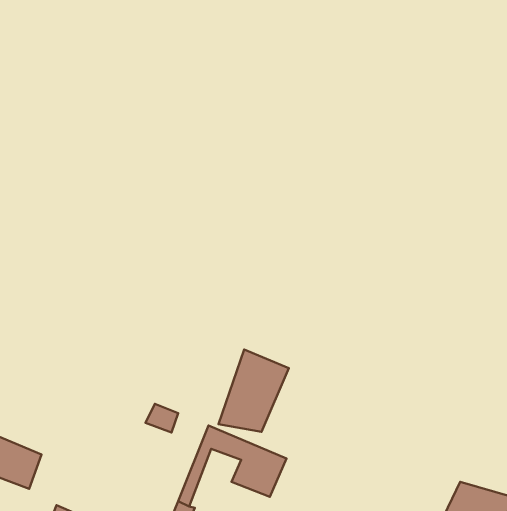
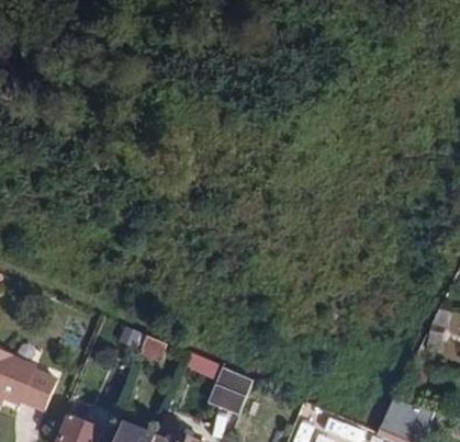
building: [219,349,289,432] -> none

